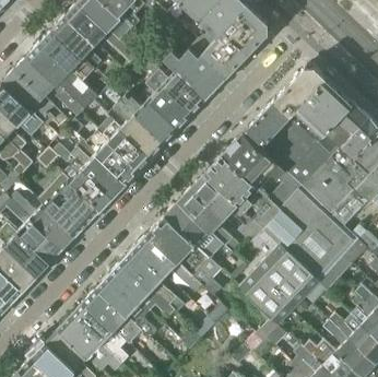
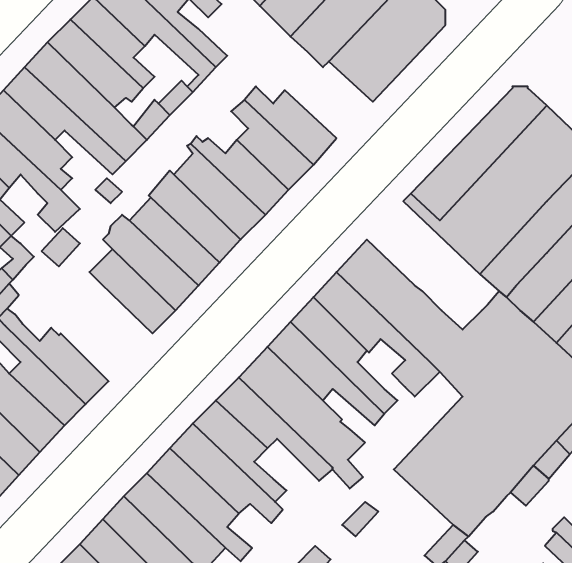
building: [164,47,226,96] -> none
building: [223,132,298,191] -> none
building: [37,172,101,235] -> none

